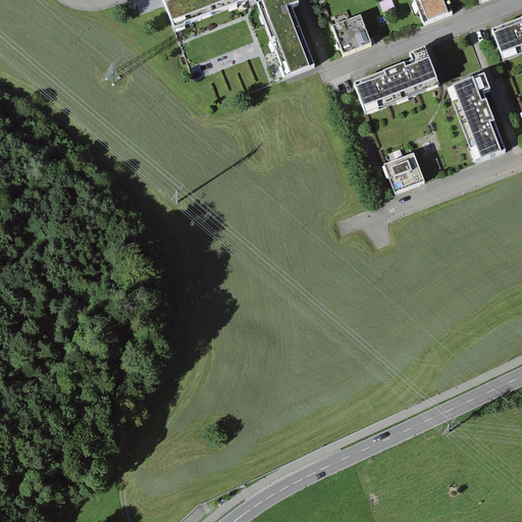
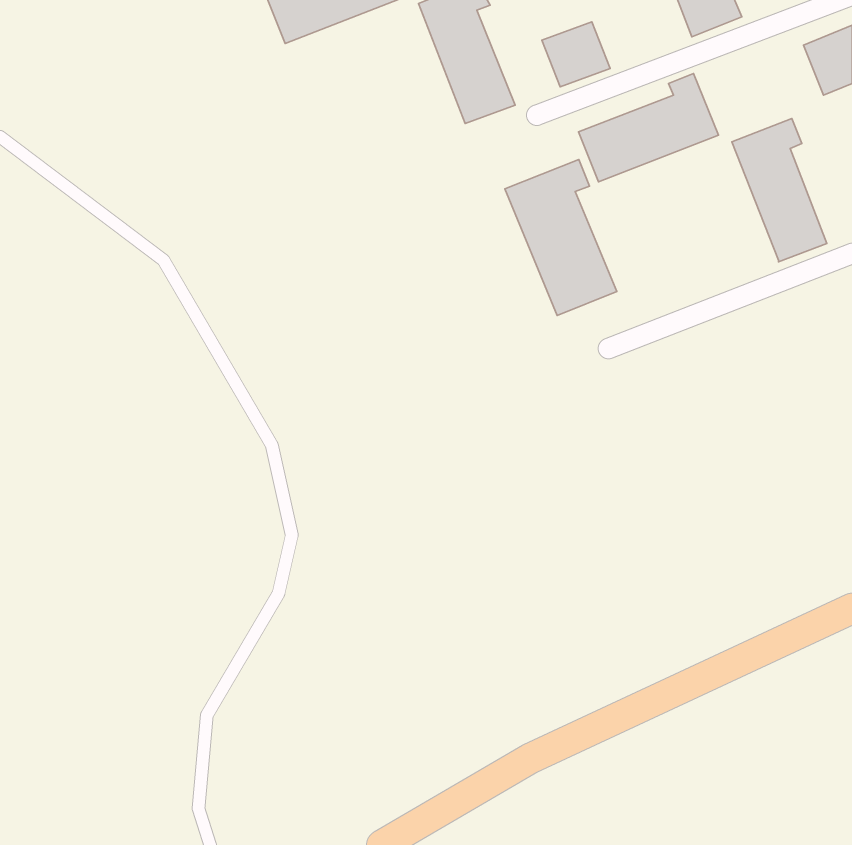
building: none -> [505,160,617,315]
building: [384,151,425,192] -> none

